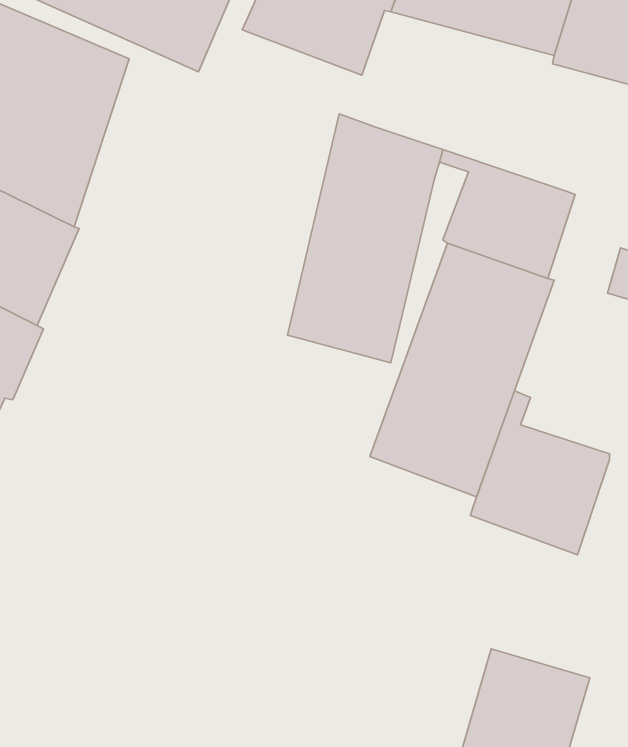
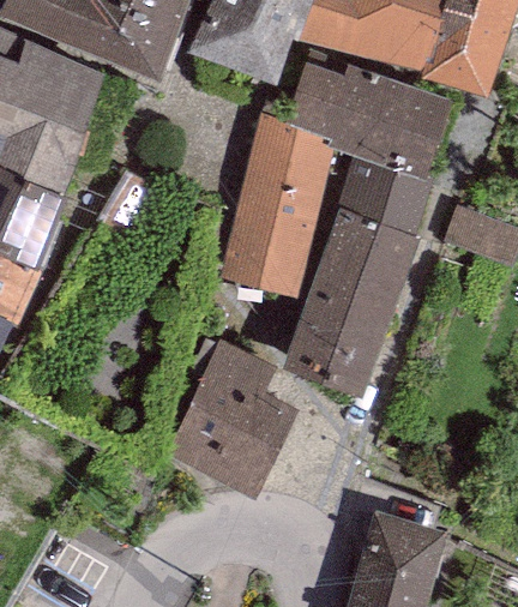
building: none -> [285,64,452,170]
building: [471,391,609,555] -> none
building: none -> [164,339,296,497]

